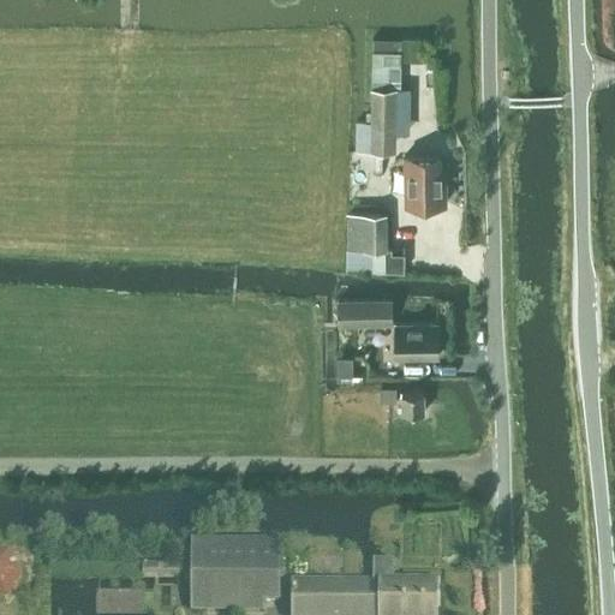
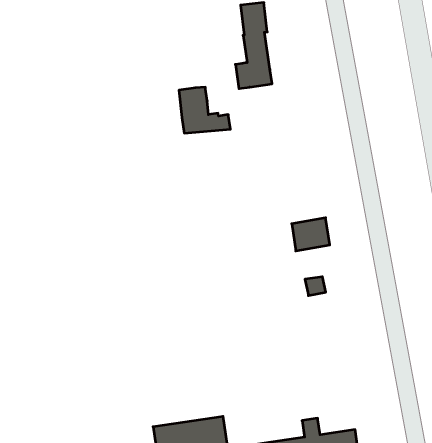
building: [404,155,446,203] -> none
building: [347,214,404,270] -> [179,87,230,133]
building: [340,304,393,326] -> none

